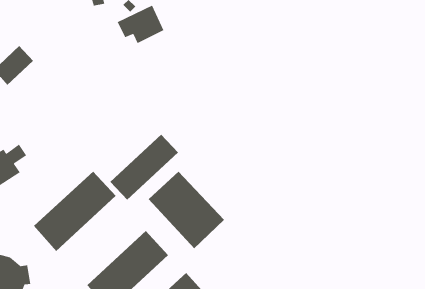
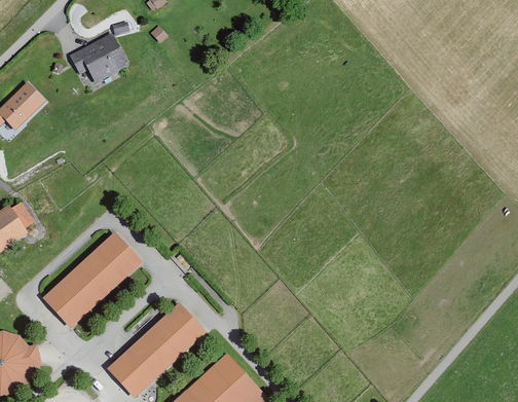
building: [116,5,165,44] -> [67,35,124,82]
building: [110,134,179,200] -> none
building: [148,171,225,249] -> none

